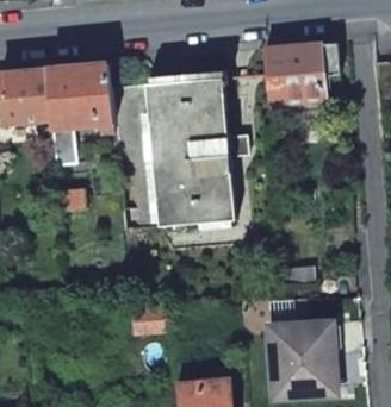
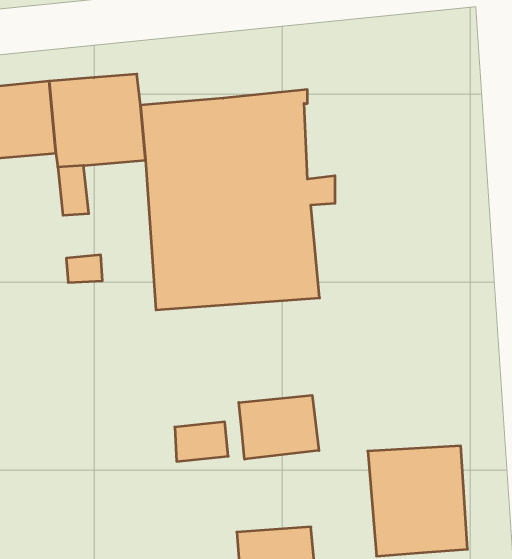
building: [263,45,340,126] -> none
building: none -> [239,395,319,459]

